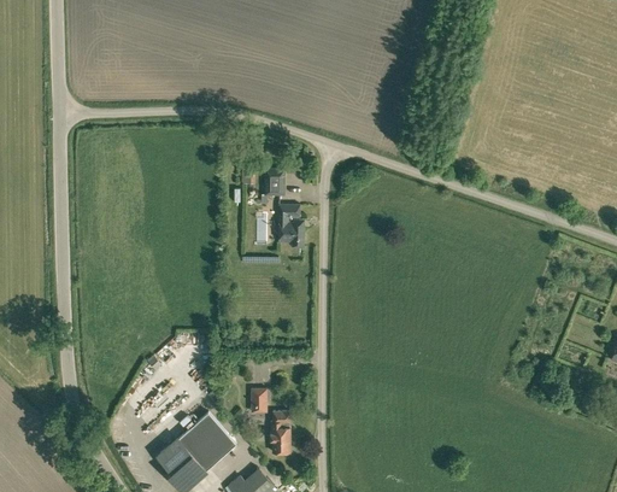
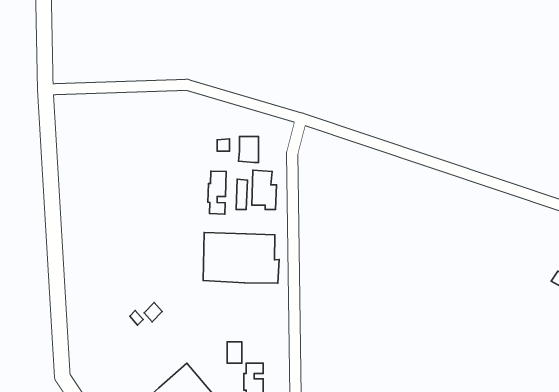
building: none -> [208,171,226,214]
building: none -> [203,233,279,283]

